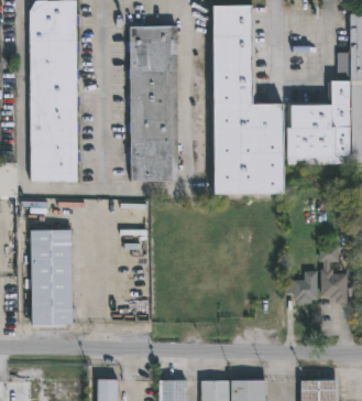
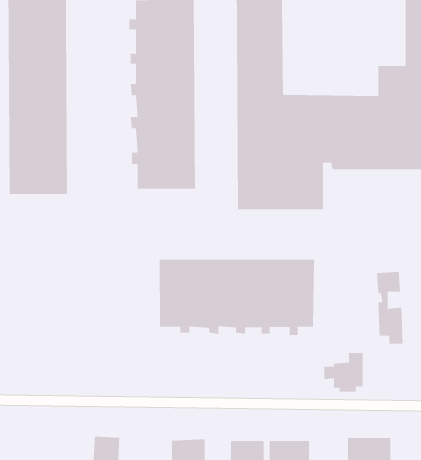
building: [31,230,73,325] -> none
building: none -> [159,259,314,336]
building: [289,271,321,303] -> [324,352,363,392]

